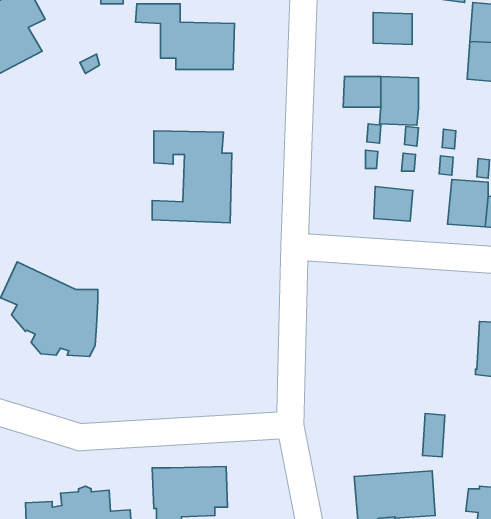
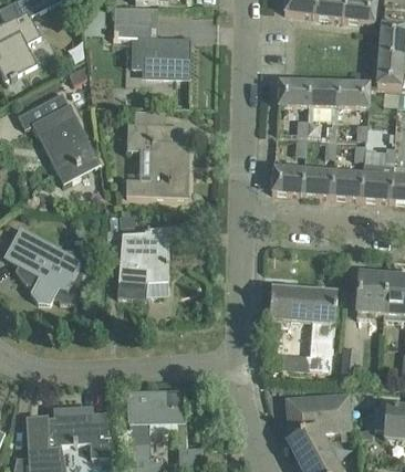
building: [373,13,412,45] -> [338,81,368,106]
building: none -> [18,90,101,181]
building: none -> [271,165,303,192]
building: none -> [331,170,363,197]
building: none -> [117,227,175,296]
building: none -> [356,272,386,316]
building: none -> [269,287,335,369]

